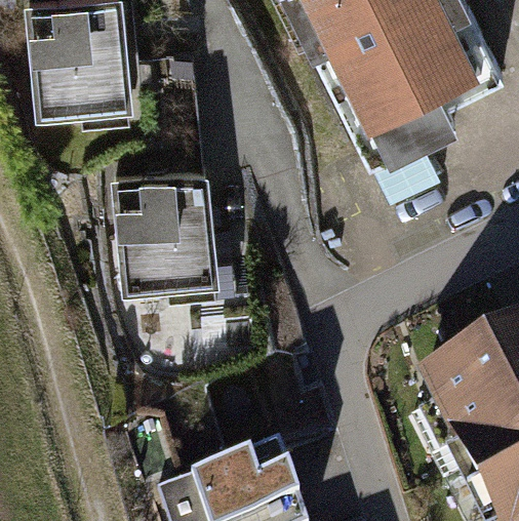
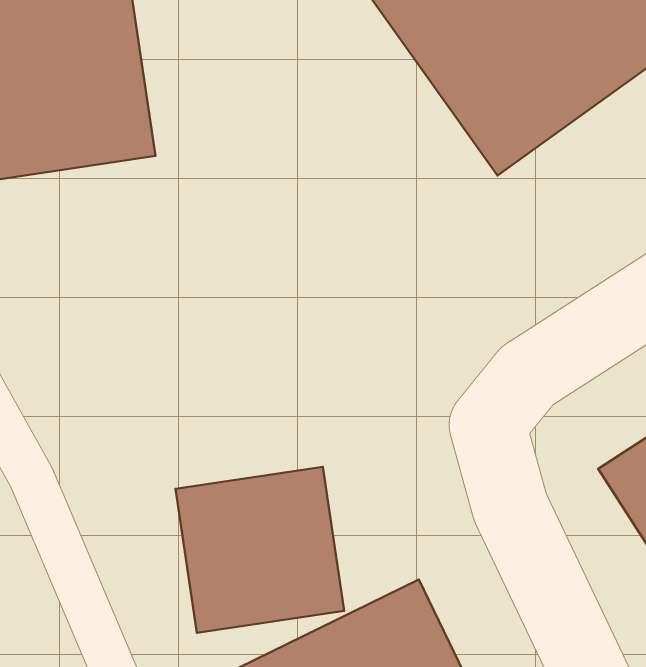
building: [121,181,235,298] -> none
building: none -> [175,467,344,633]

